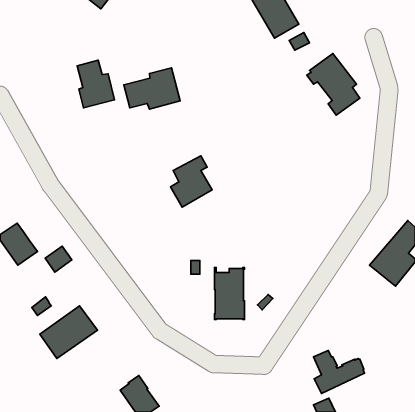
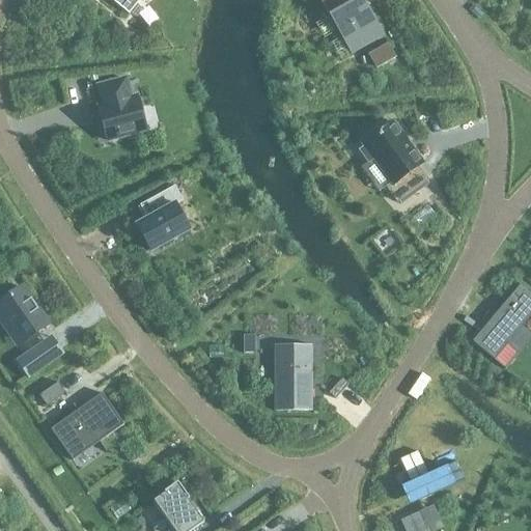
building: [307,53,360,115] -> [360,120,427,199]
building: [124,68,180,109] -> none
building: [171,156,212,207] -> [137,184,190,249]
building: [45,246,72,272] -> [18,342,52,375]

